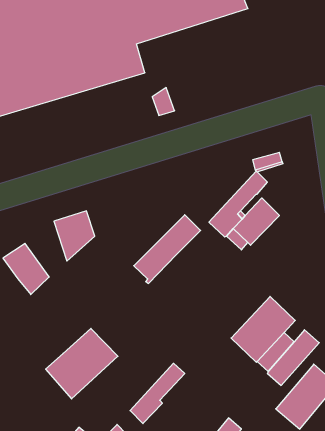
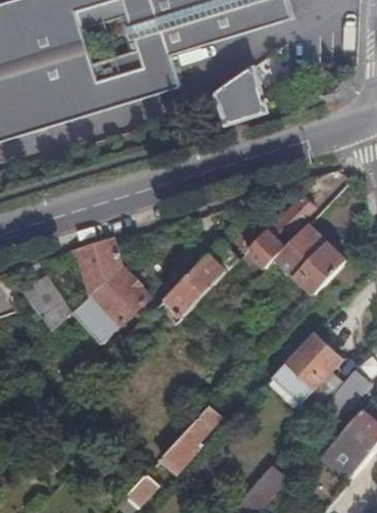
building: none -> [216,65,266,123]
building: none -> [293,243,344,294]
building: [46,328,118,399] -> [72,266,151,343]

